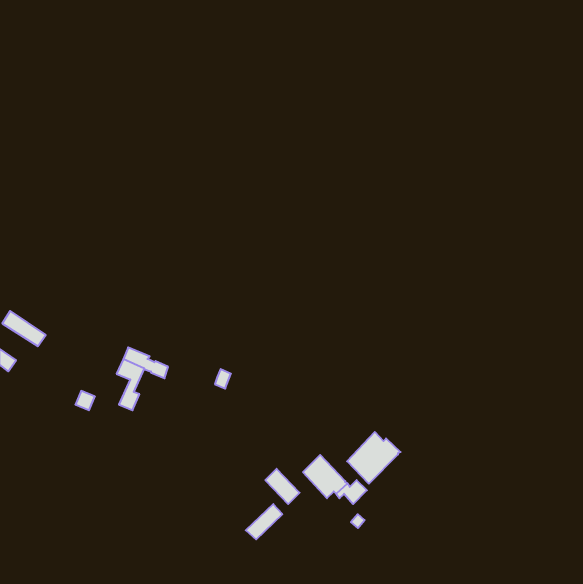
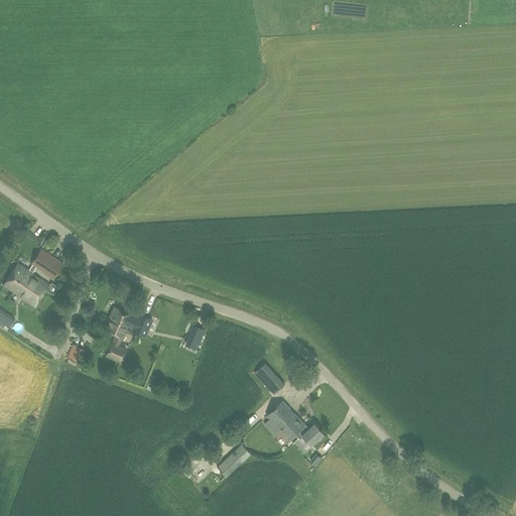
building: none -> [9,249,62,295]
building: [347,432,401,484] -> none
building: [265,469,300,504] -> [254,363,284,394]

